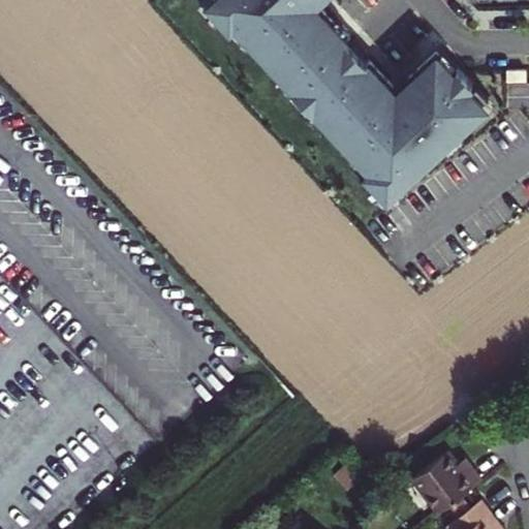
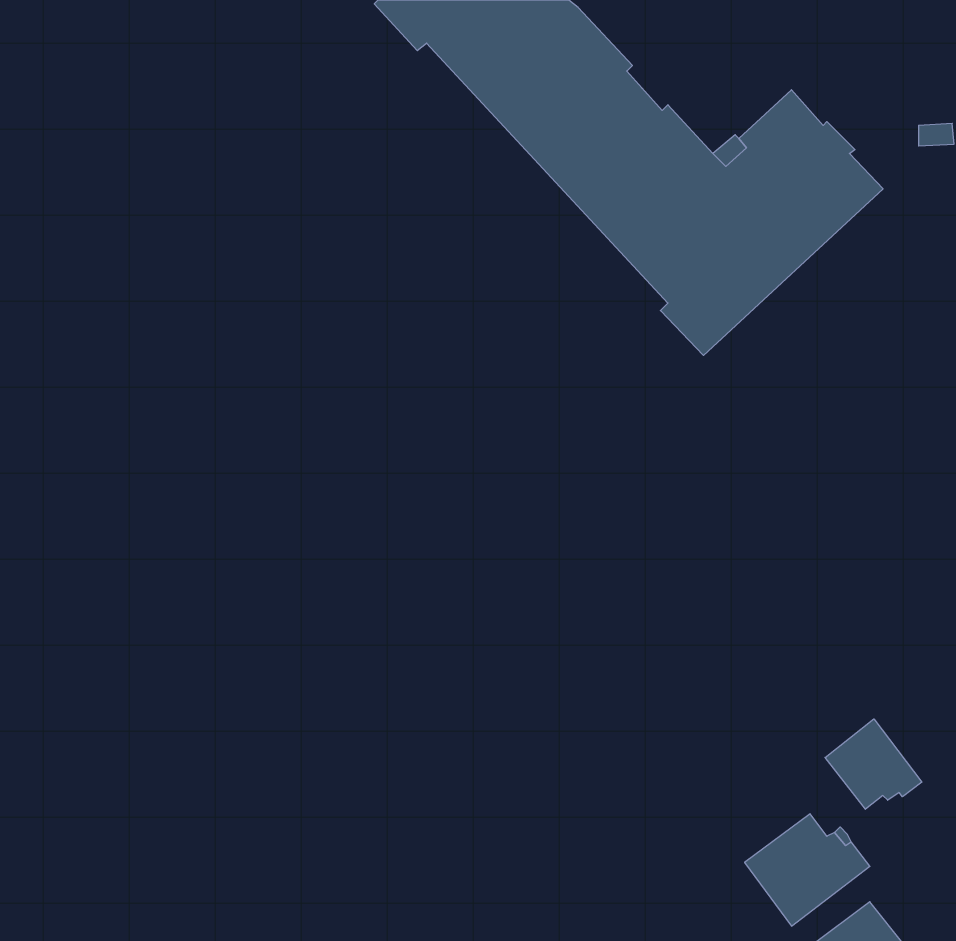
building: none -> [825,719,922,809]

